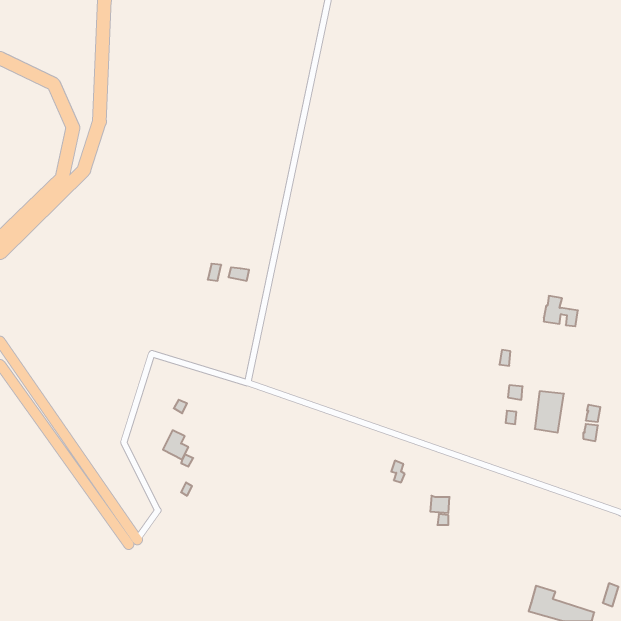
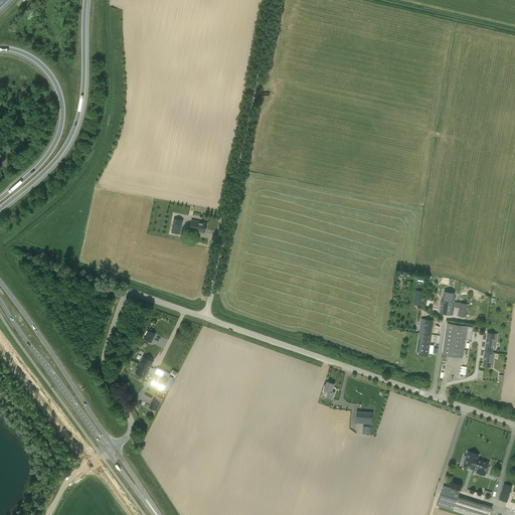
building: [544,296,578,326] -> [440,292,468,317]
building: none -> [461,451,489,477]

